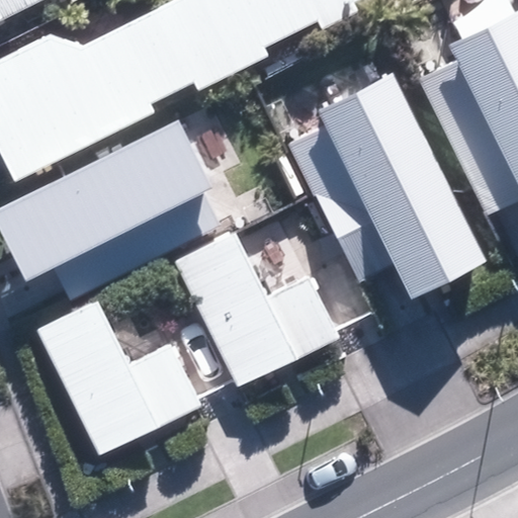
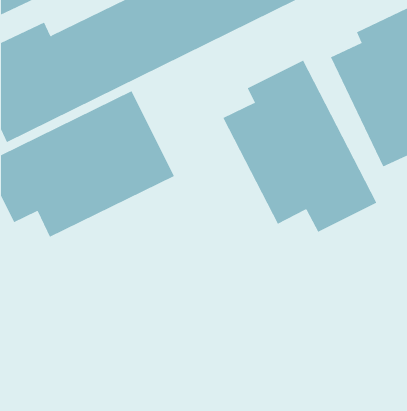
building: [176,232,347,393] -> none
building: [37,296,207,457] -> none

